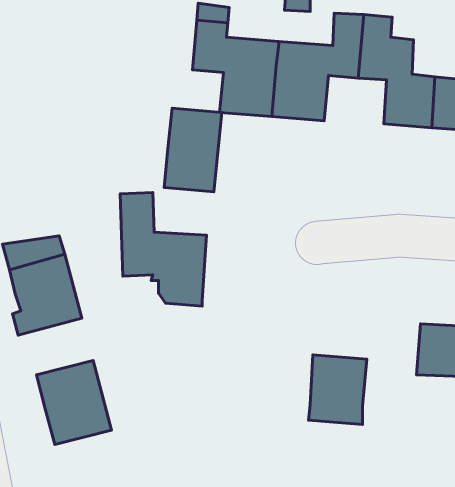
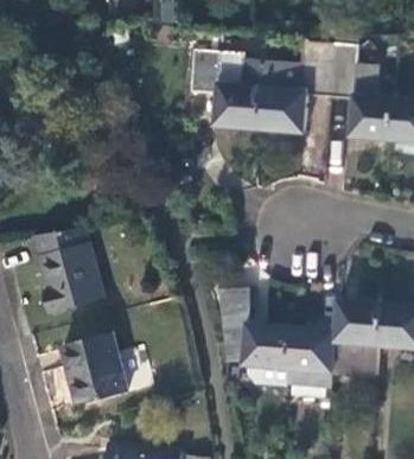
building: [164,108,222,192] -> none
building: [120,192,207,306] -> [221,294,293,389]
building: none -> [335,300,383,376]

